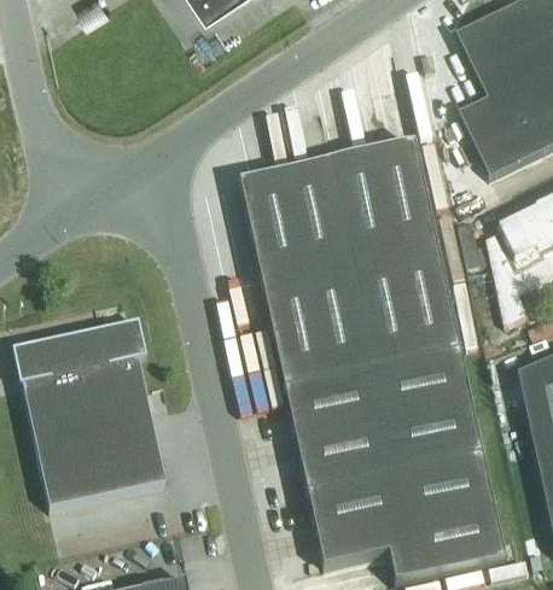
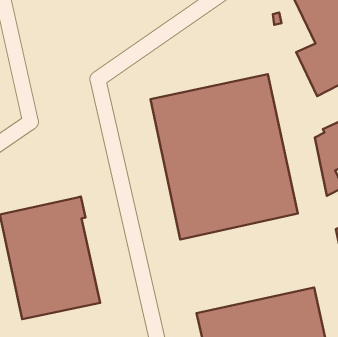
building: [286,346,485,495] -> none

